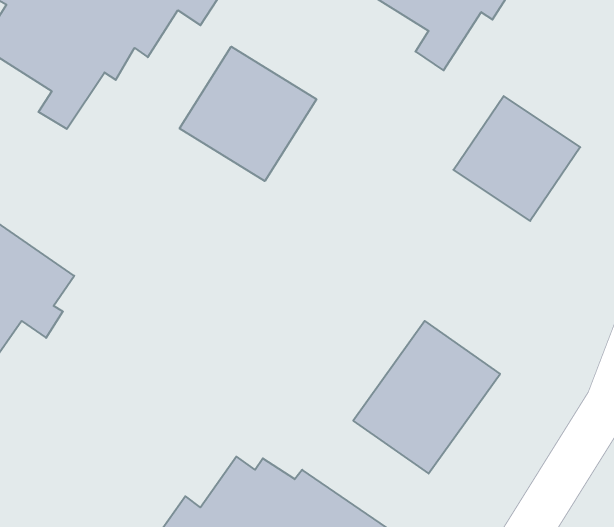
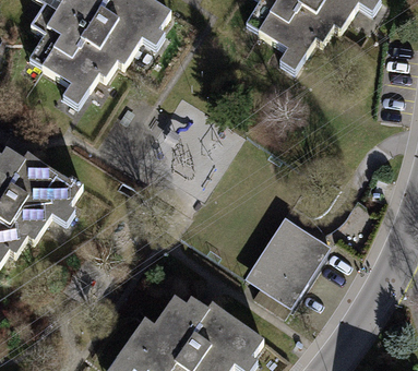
building: [180,47,316,181] -> none
building: [453,96,580,221] -> none

